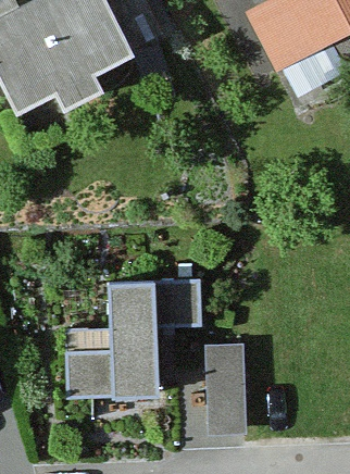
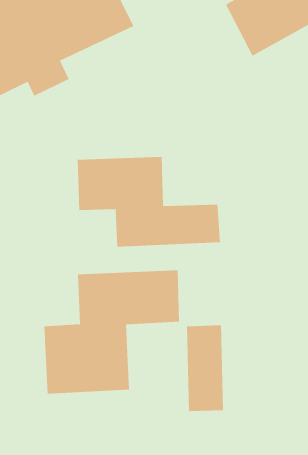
building: none -> [77,156,220,247]

